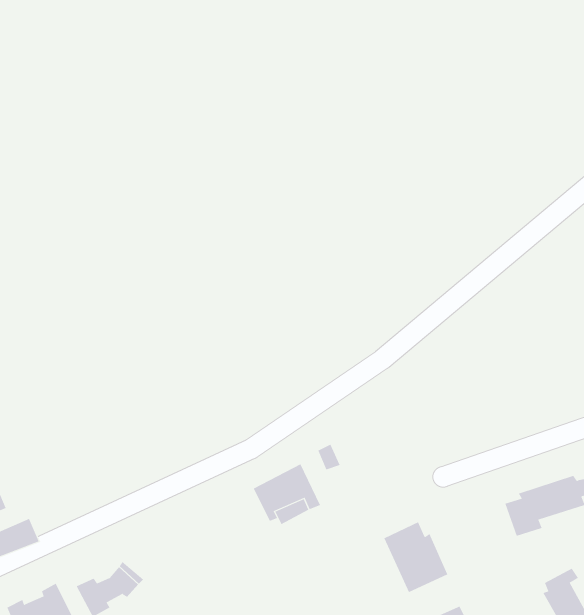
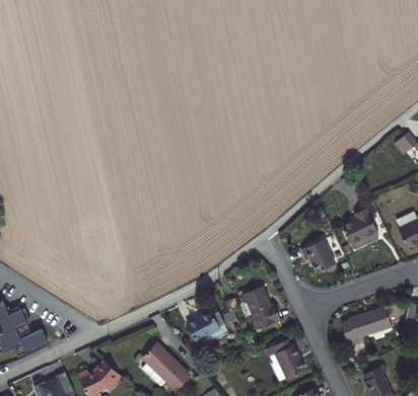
building: none -> [343,209,377,249]
building: none -> [303,238,335,270]
building: none -> [243,286,276,327]
building: none -> [142,340,185,386]

